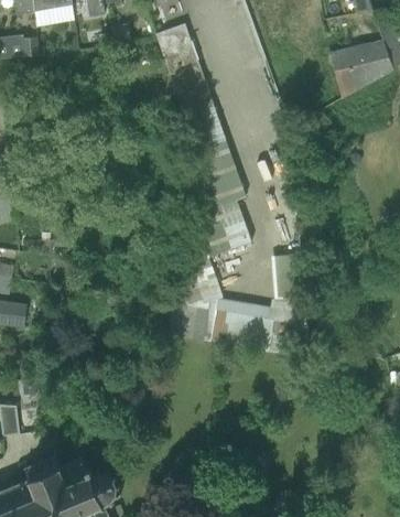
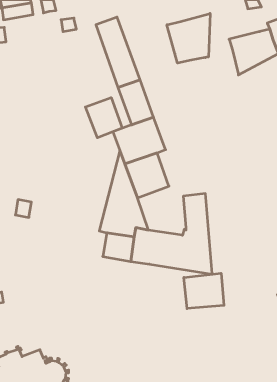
building: none -> [167,13,210,63]
building: none -> [85,98,122,138]
building: none -> [184,273,224,309]

